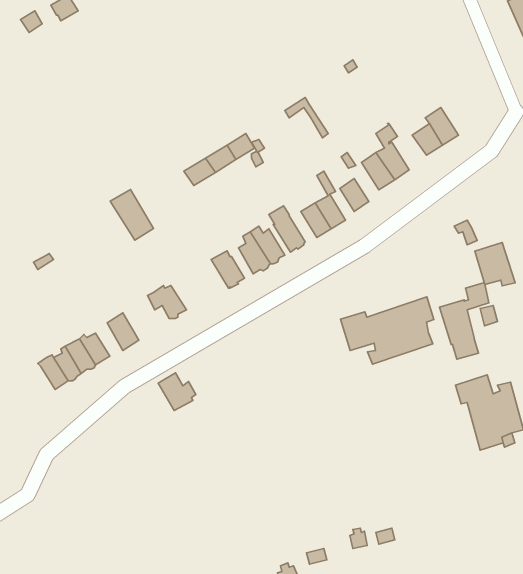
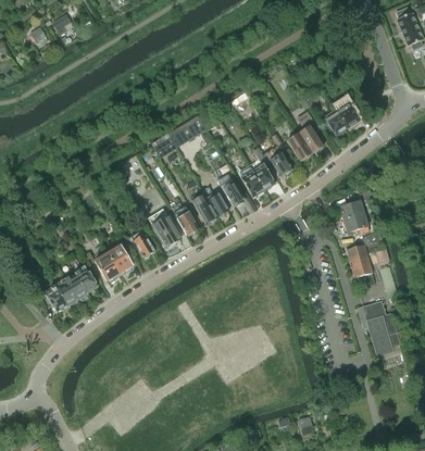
building: [110,190,154,240] -> [147,209,179,247]
building: [475,242,515,286] -> [338,200,368,233]
building: [341,297,434,364] -> none
building: [158,373,196,411] -> [107,246,135,274]

